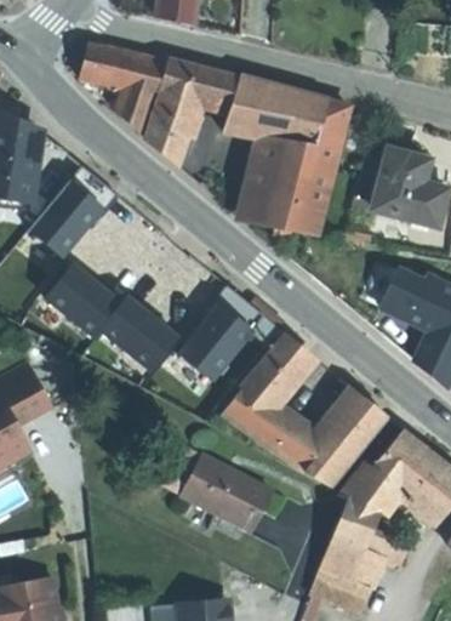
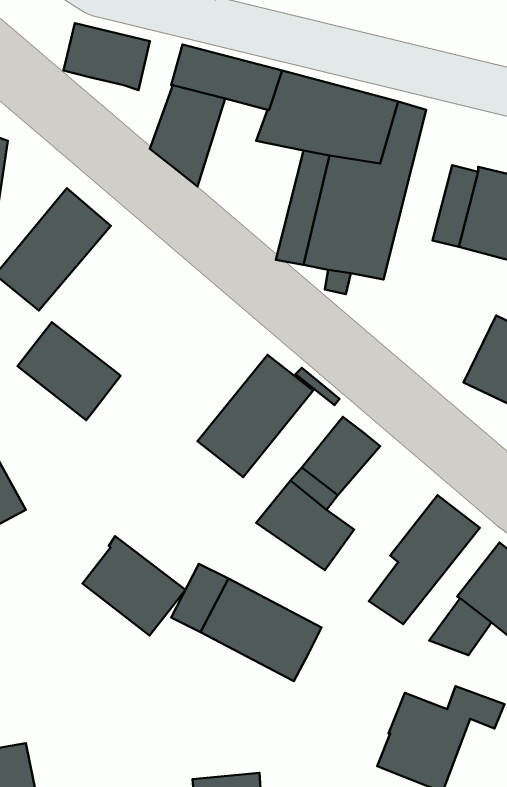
building: [116,56,167,133] -> none
building: [102,296,178,370] -> [83,536,185,636]
building: [274,418,329,472] -> none
building: [333,500,381,552] -> none

